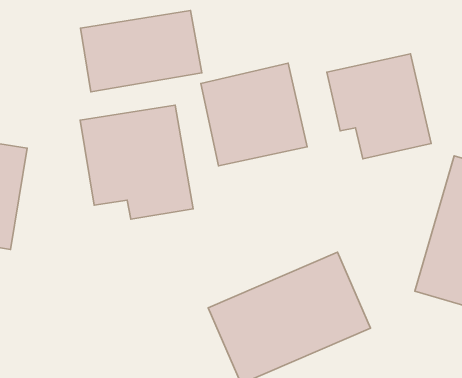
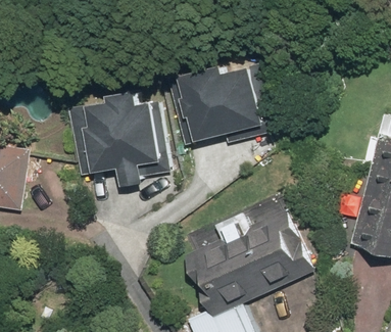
building: [81,10,202,92] -> none
building: [327,54,431,159] -> none

